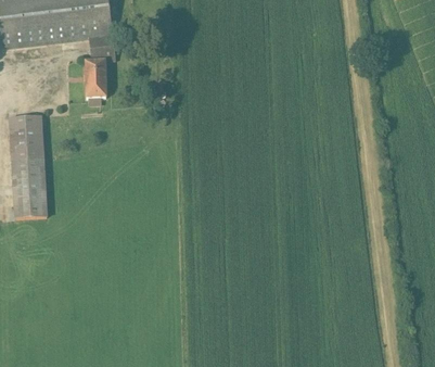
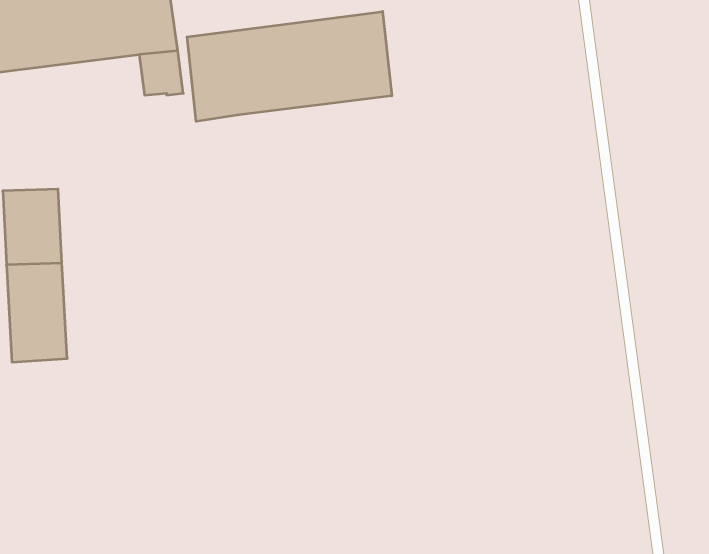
building: none -> [187,11,392,121]
building: [86,63,106,101] -> none

